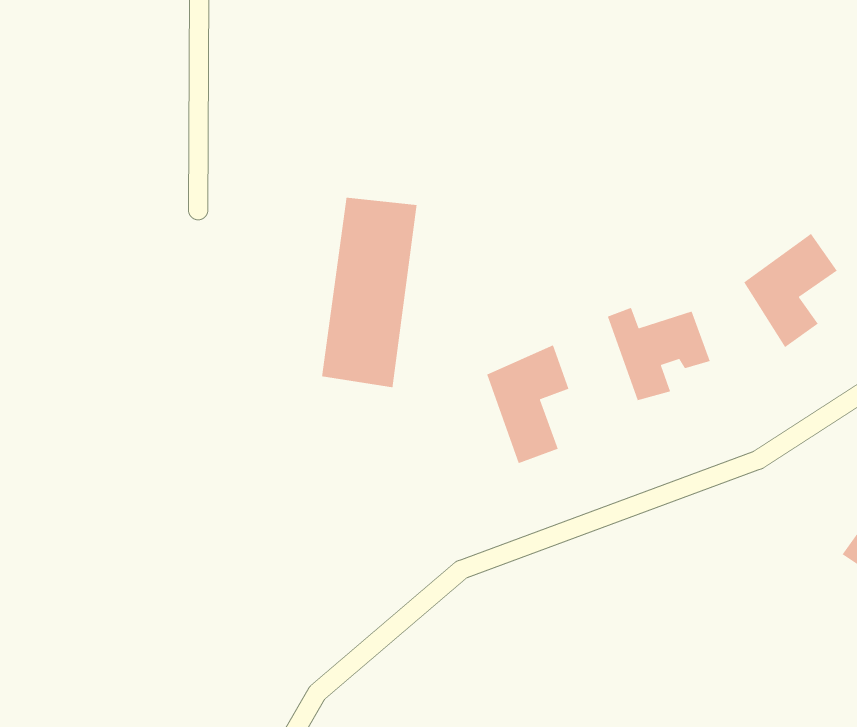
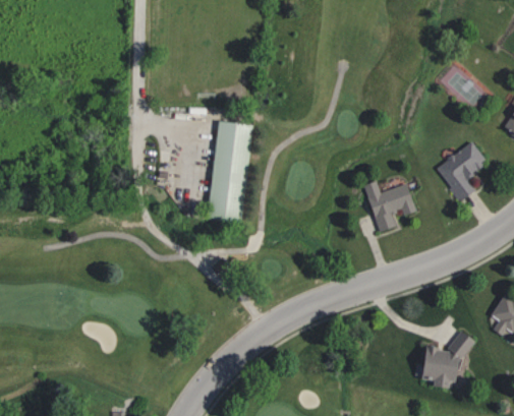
building: [486,344,569,464] -> none
building: none -> [418,331,474,384]

